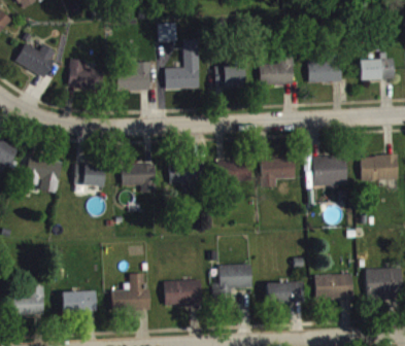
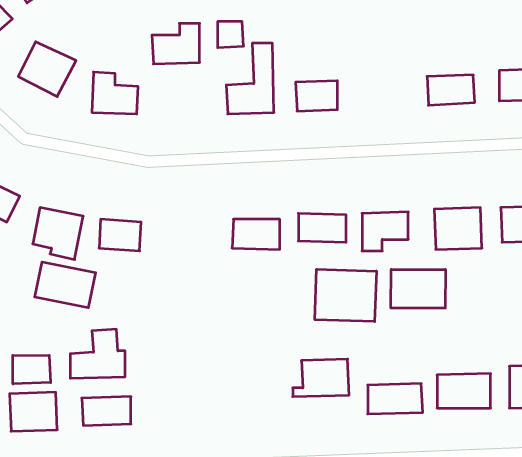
building: [260,56,294,84] -> none
building: [116,62,150,91] -> [152,23,200,64]
building: [123,164,156,193] -> none
building: none -> [35,262,96,308]
building: none -> [315,269,376,322]
building: none -> [391,269,445,308]
building: none -> [13,355,51,384]
building: [111,273,150,308] -> [70,329,125,378]
building: [165,280,202,306] -> none

